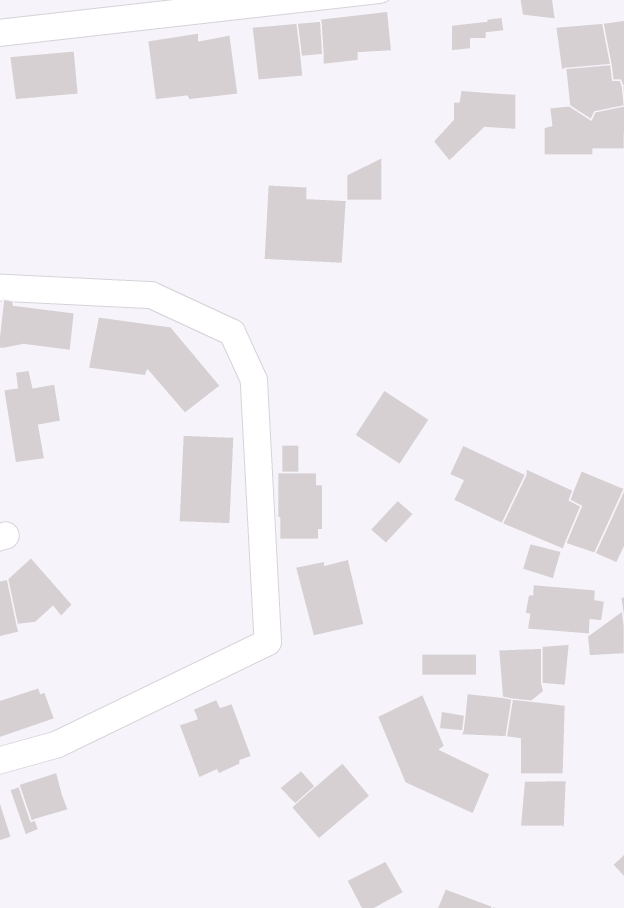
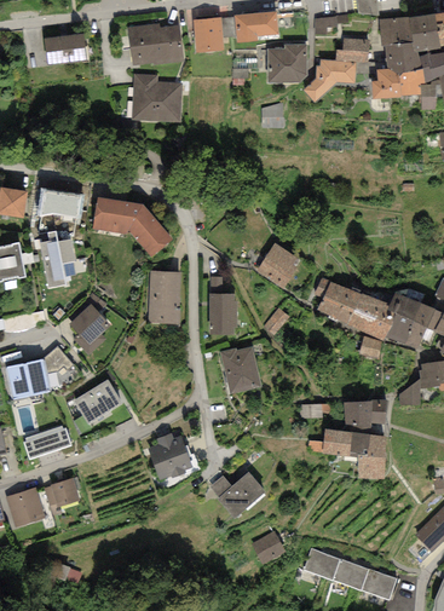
building: none -> [335,38,369,62]
building: none -> [267,44,307,82]
building: [264,185,347,264] -> [131,73,181,121]
building: none -> [69,302,111,355]
building: [525,585,605,634] -> none
building: none -> [73,379,122,423]
building: [377,694,490,814] -> none
building: [520,781,567,828] -> none

